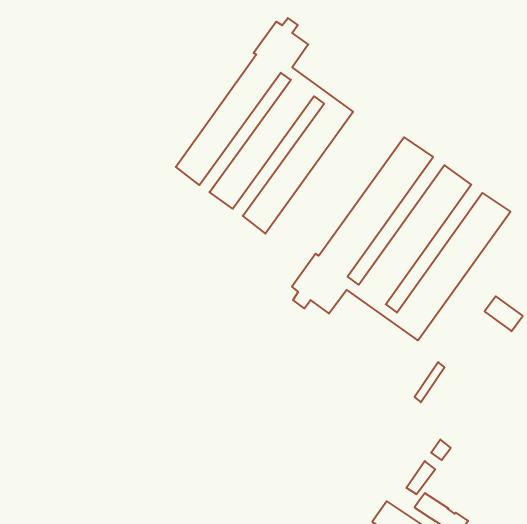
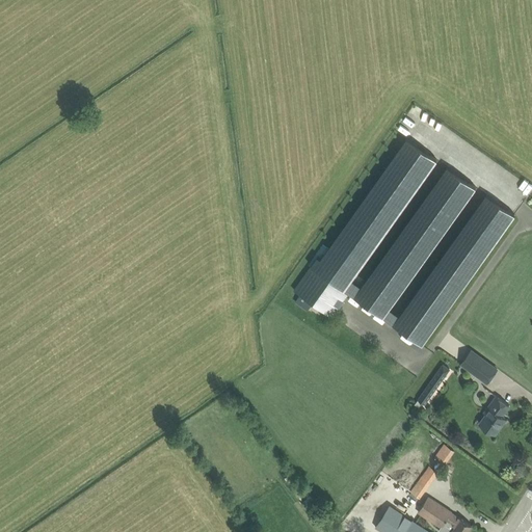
building: [176,18,353,234] -> none
building: [485,296,523,331] -> [459,351,498,387]
building: none -> [480,399,509,437]

